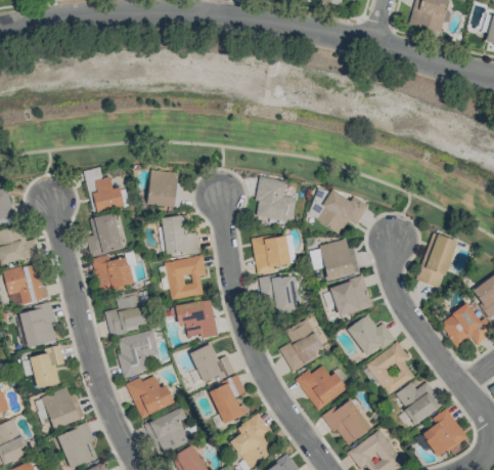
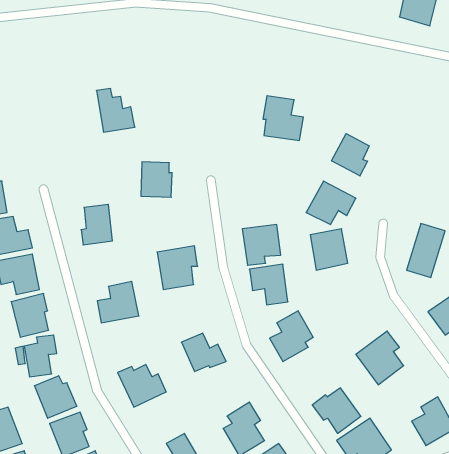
building: none -> [332,134,369,176]
building: [85,168,124,212] -> [96,89,135,132]
building: [255,176,296,221] -> [263,96,303,140]
building: [160,215,197,253] -> none
building: [91,254,133,292] -> none
building: [329,276,371,315] -> none
building: [174,298,217,338] -> none
building: [346,313,395,355] -> none
building: [117,330,158,377] -> none
building: [295,365,347,410] -> none
building: [210,377,243,423] -> none
building: [394,382,442,424] -> none
building: [146,407,189,455] -> none

